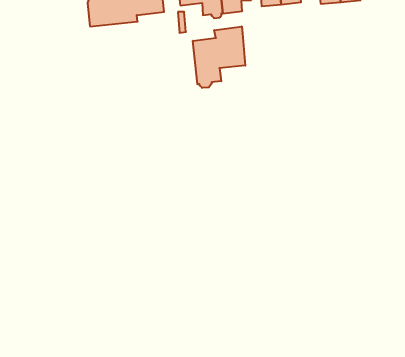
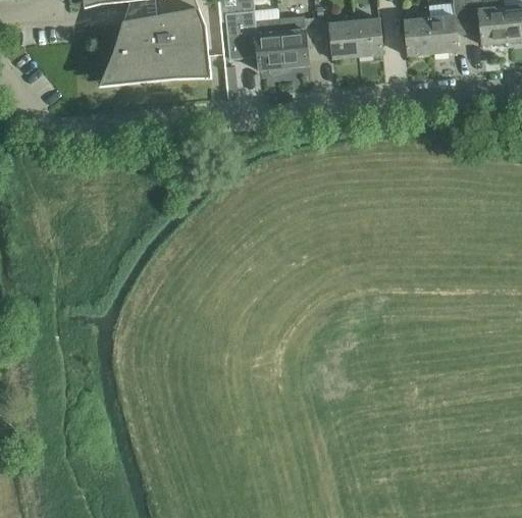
building: [193,26,245,88] -> none

